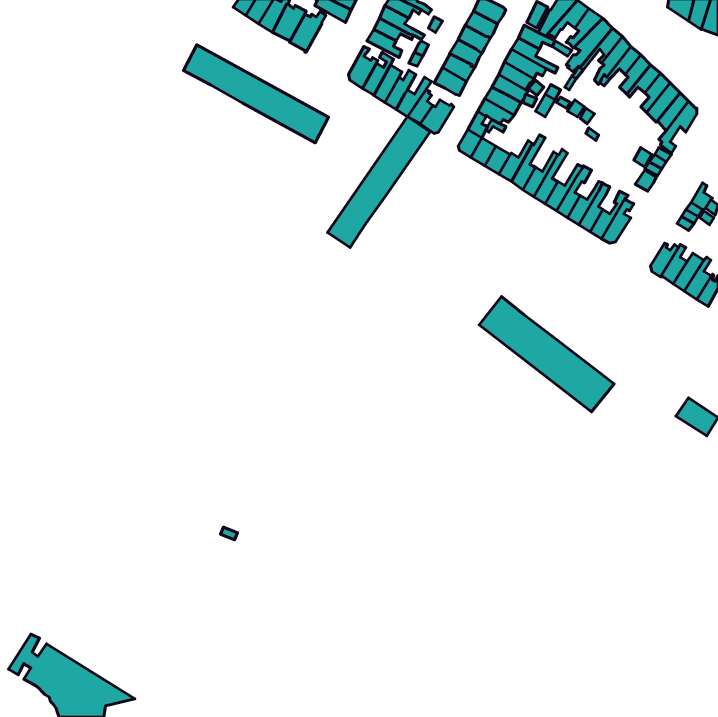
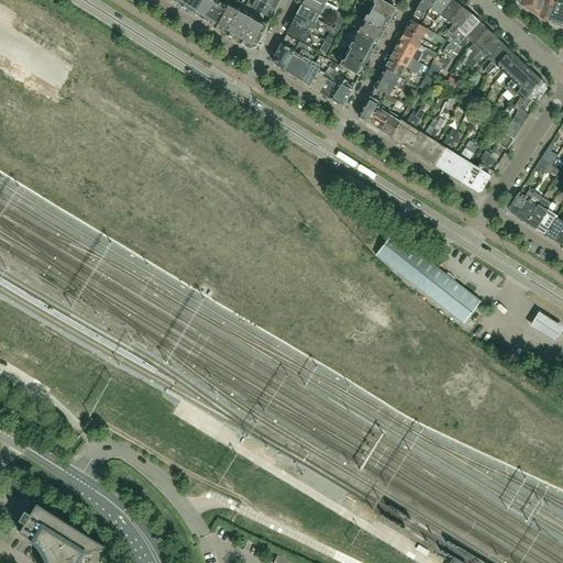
building: none -> [240,19,267,48]
building: [183,45,329,143] -> none
building: [327,117,430,247] -> none

